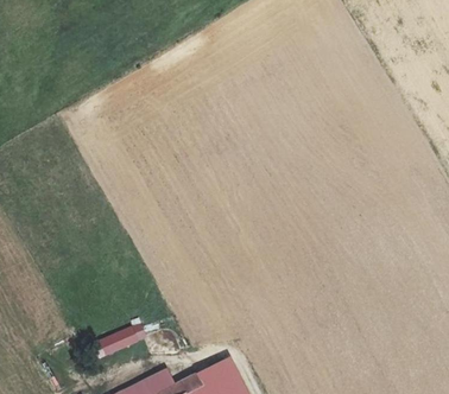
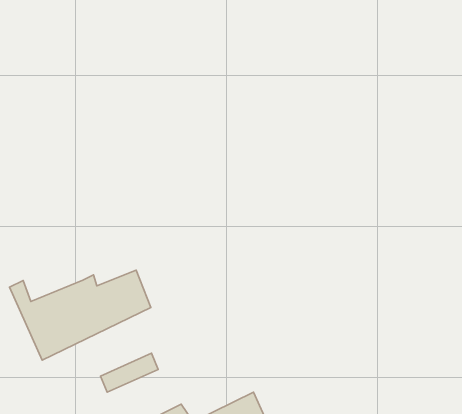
building: none -> [10,270,151,360]

